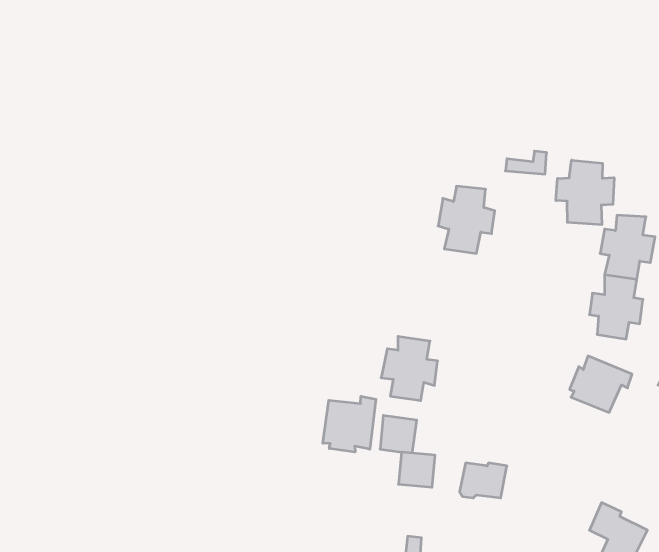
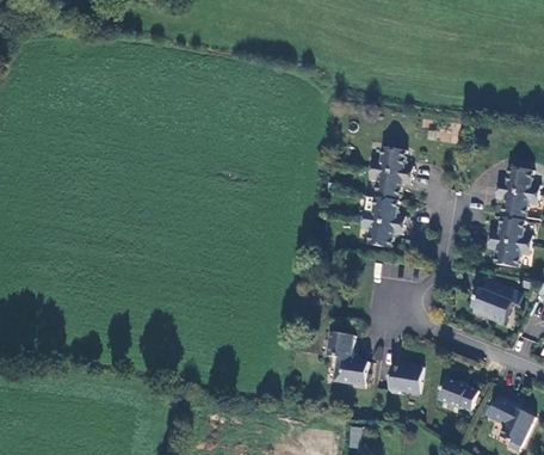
building: [556,160,614,225] -> none
building: [381,336,438,401] -> [361,196,406,246]
building: [323,396,376,452] -> none
building: none -> [438,374,480,411]

